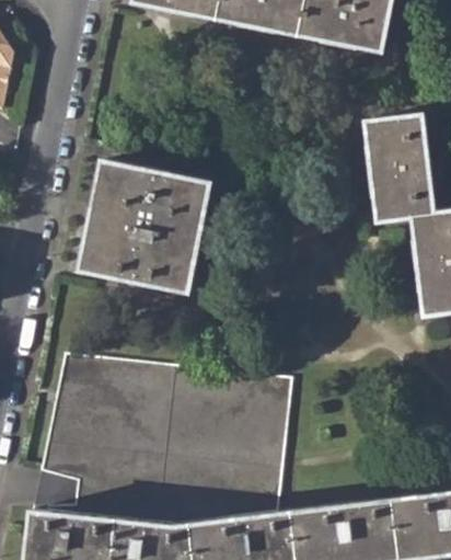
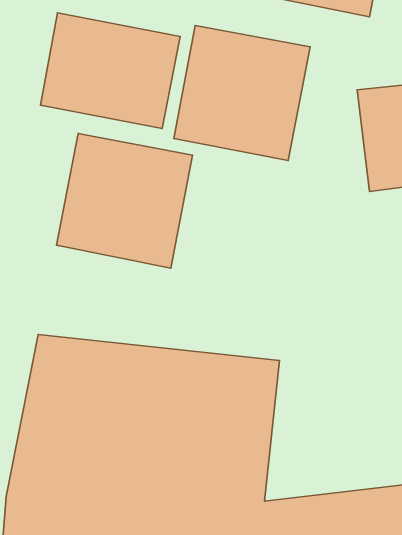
building: none -> [41,13,180,128]
building: none -> [174,26,310,161]

